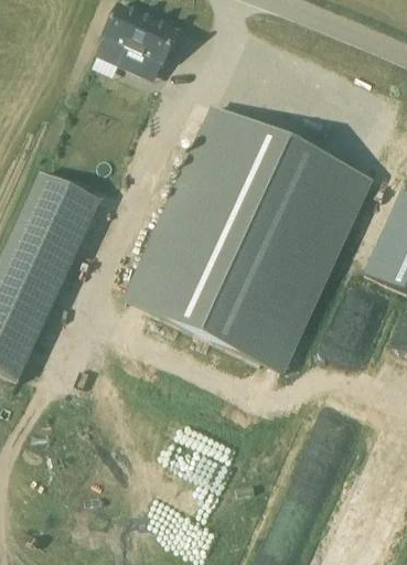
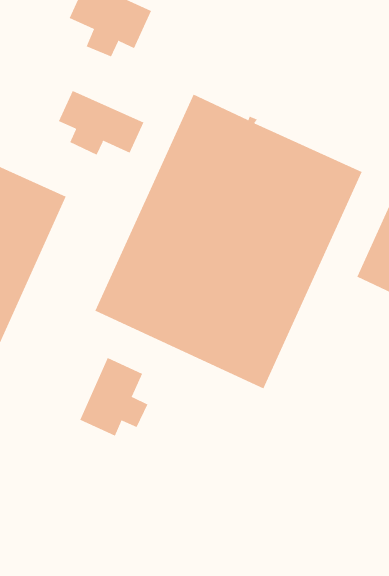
building: none -> [58,90,144,155]
building: none -> [80,357,148,436]

